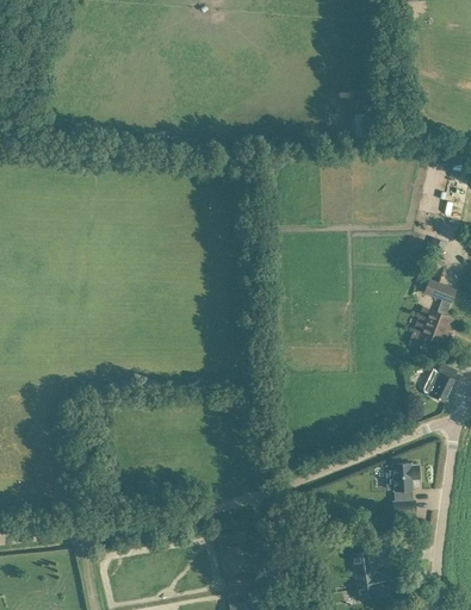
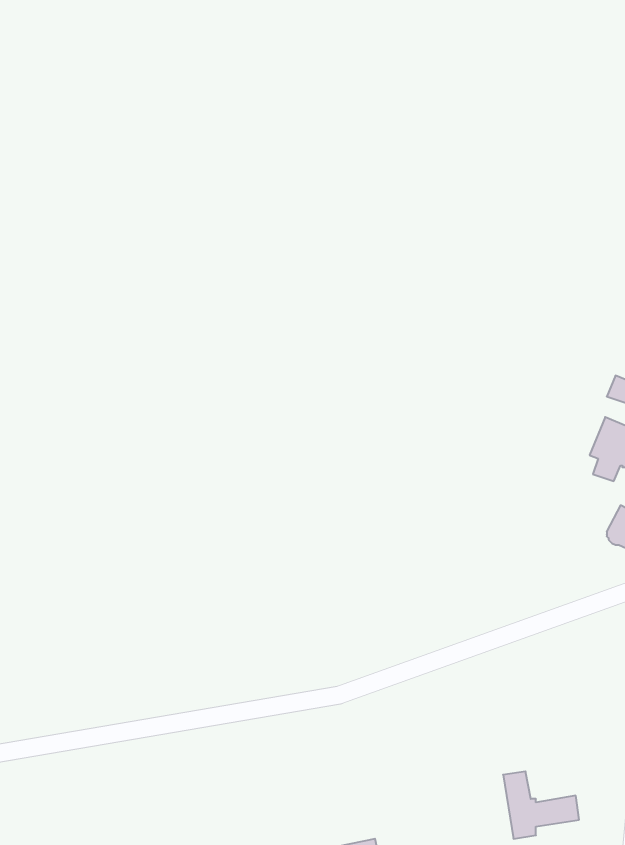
building: [386,462,419,511] -> none

